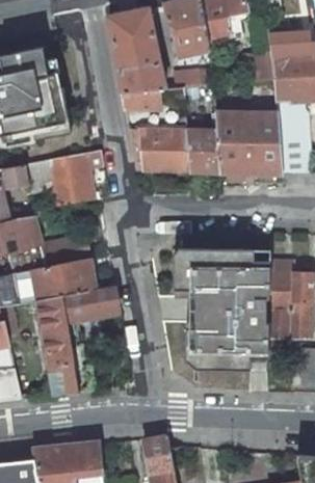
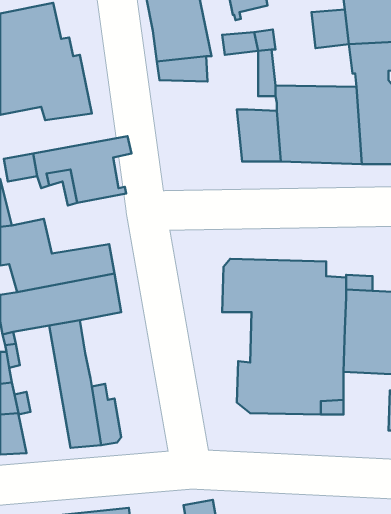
building: [128,129,189,171] -> none
building: [62,285,119,321] -> none

